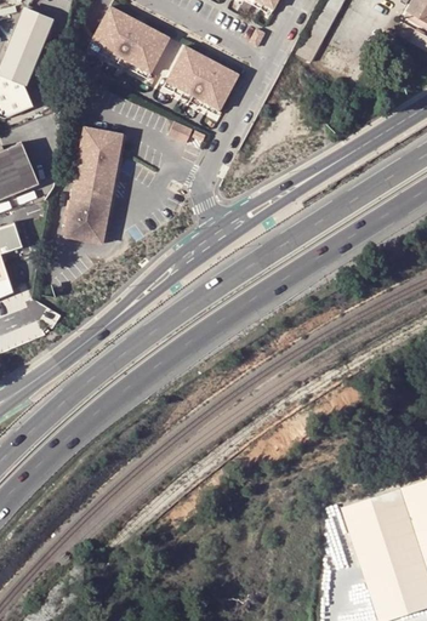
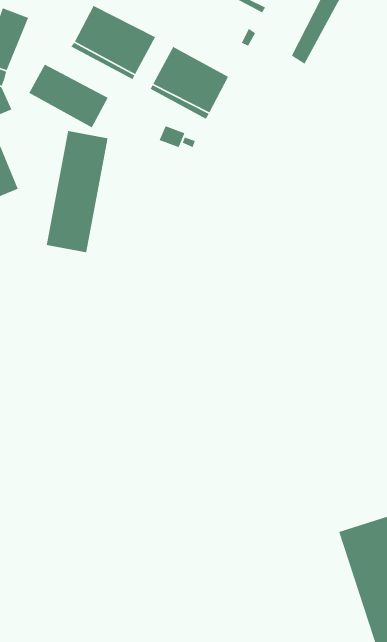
building: none -> [28,64,109,129]

